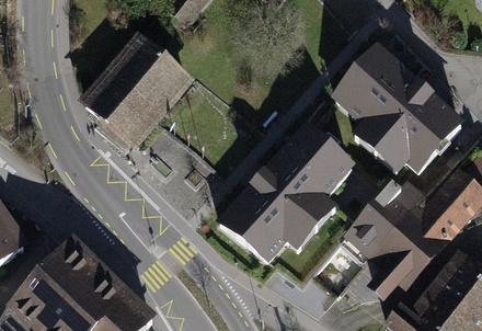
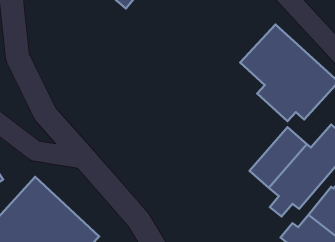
building: [79,28,196,147] -> none
building: [218,119,356,262] -> none

